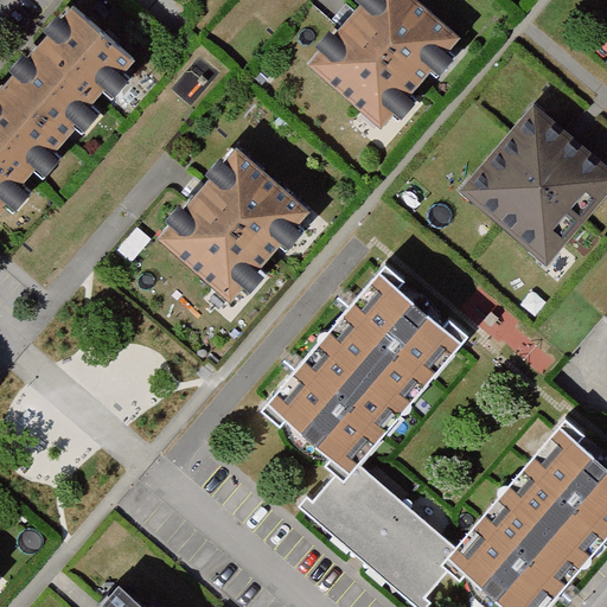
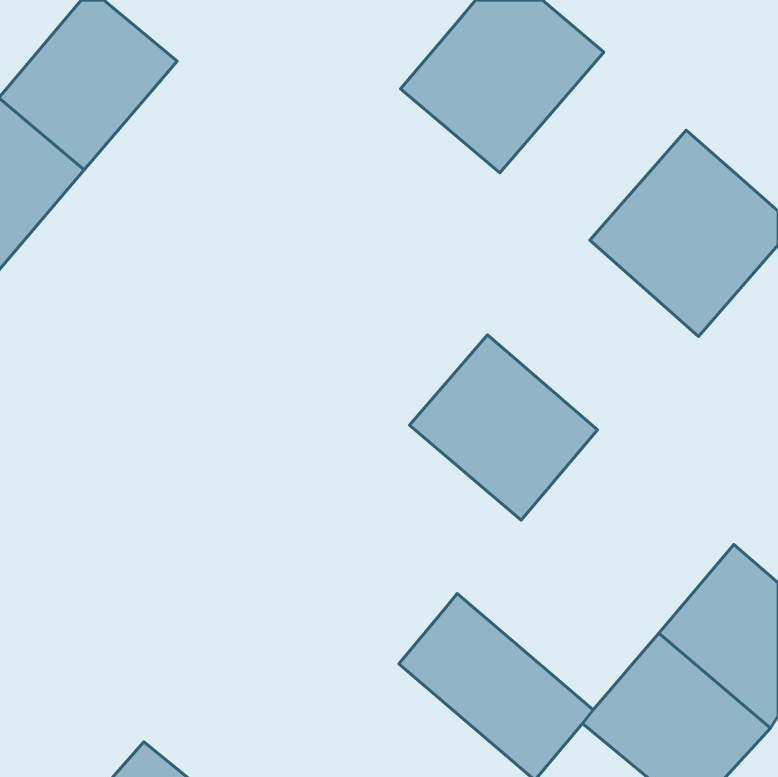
building: [164,146,321,306] -> none
building: [260,333,404,474] -> none

